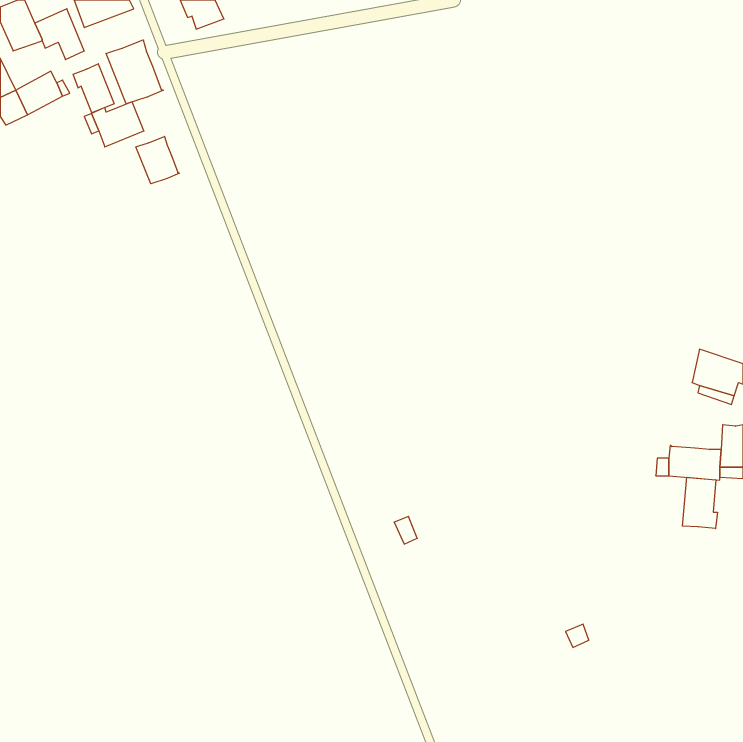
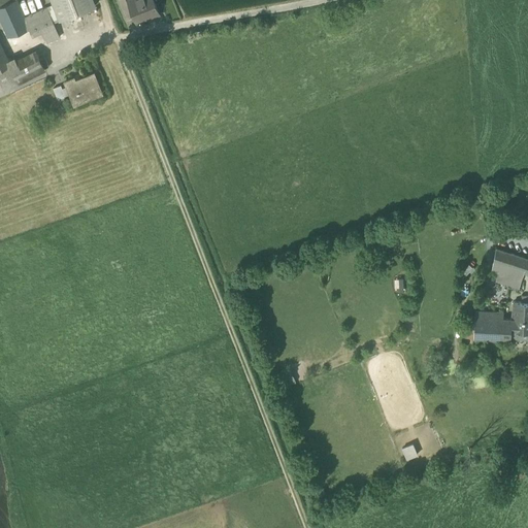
building: [106,40,163,104] -> none
building: [73,64,114,113] -> none
building: [136,136,179,184] -> none
building: [682,477,717,529] -> none

